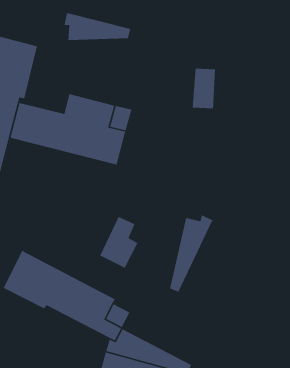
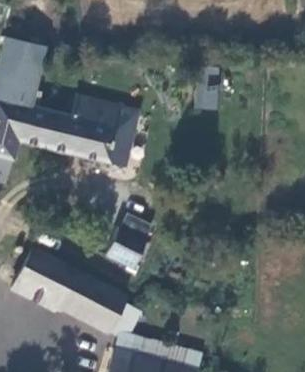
building: [63,12,131,41] -> none
building: [169,214,213,293] -> none

